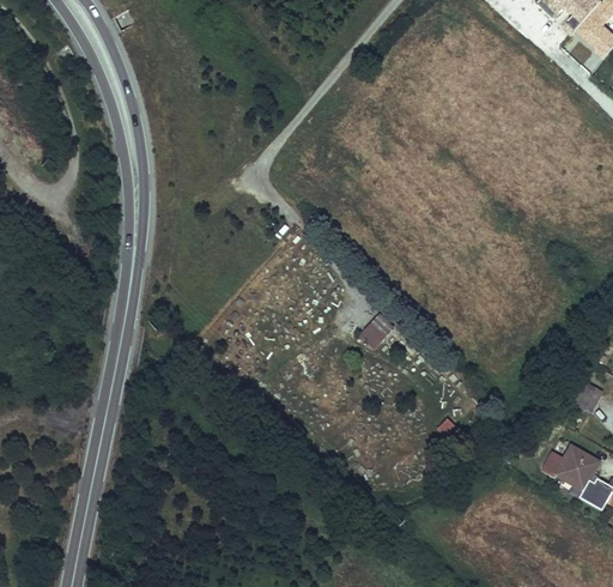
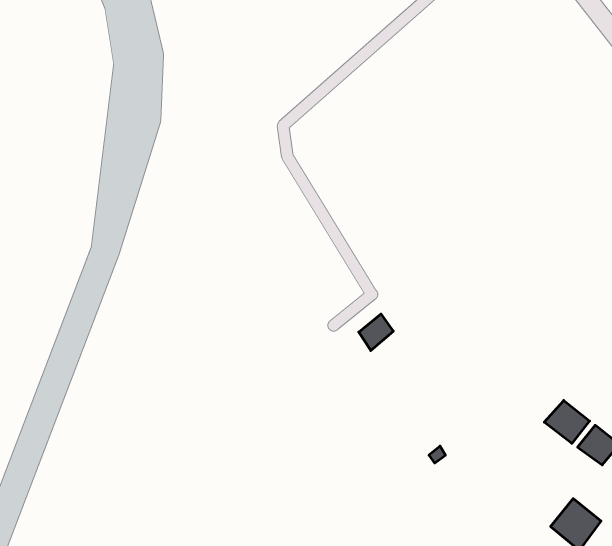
building: none -> [544,400,590,443]

